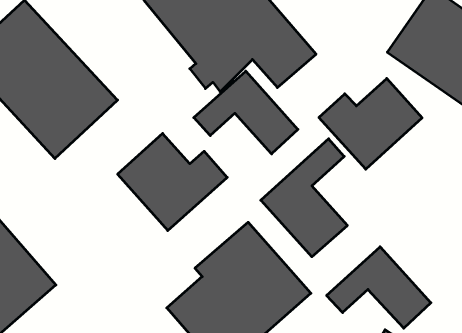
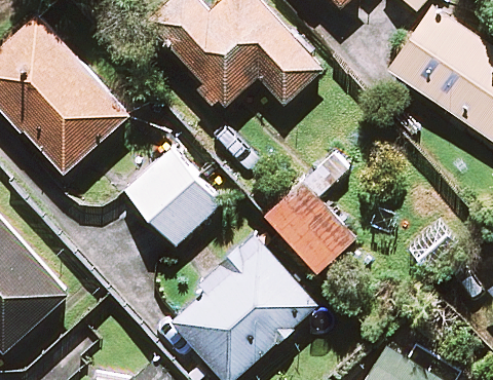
building: [194,71,298,154] -> none
building: [319,78,422,169] -> none
building: [327,247,431,328] -> none

